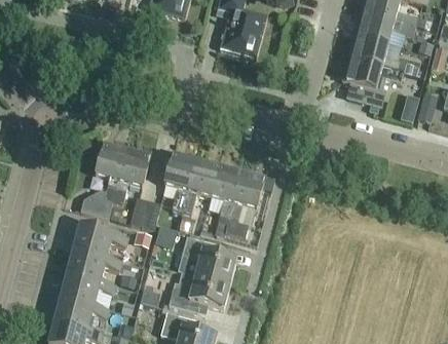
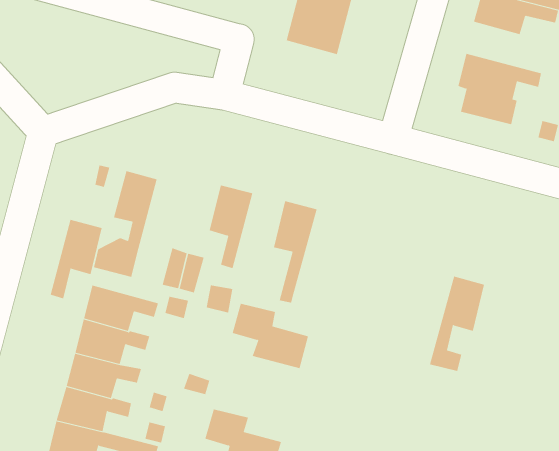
building: [348,34,405,71] -> none
building: [112,147,150,204] -> [50,219,103,299]
building: [181,157,218,214] -> none
building: [224,168,264,237] -> [429,276,485,372]
building: [169,274,229,311] -> none

